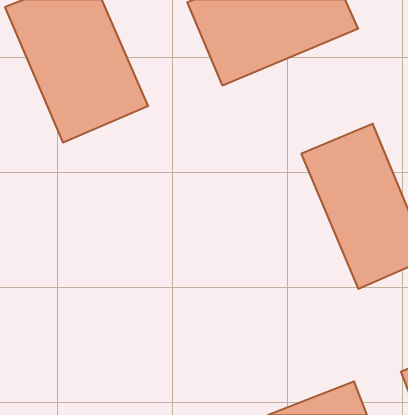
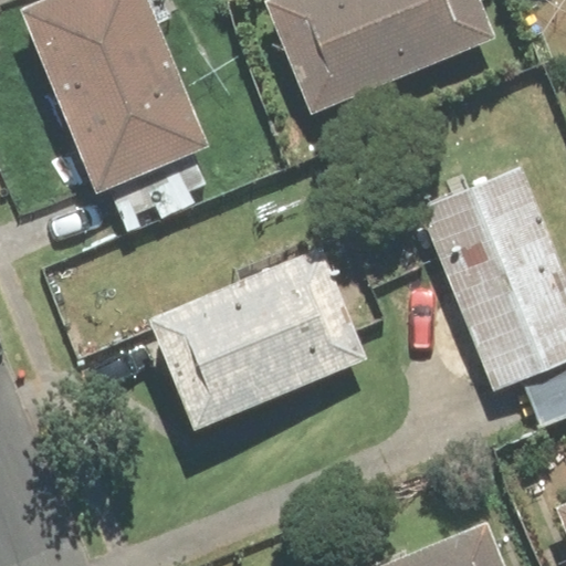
building: none -> [145,249,369,429]

